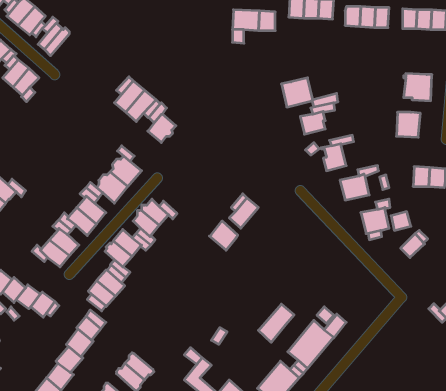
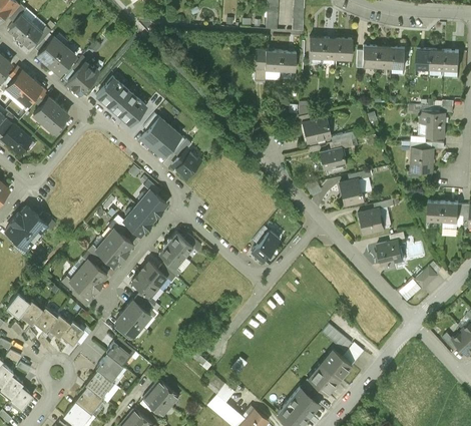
building: none -> [96,78,145,125]
building: [209,221,238,250] -> none
building: [258,304,294,342] -> none

